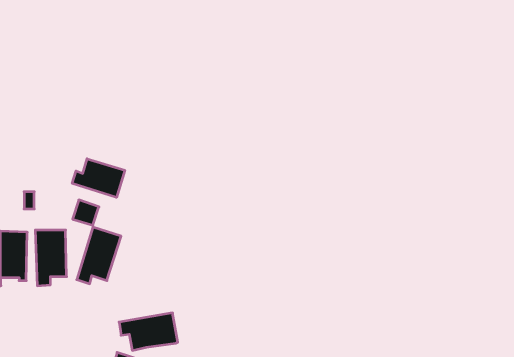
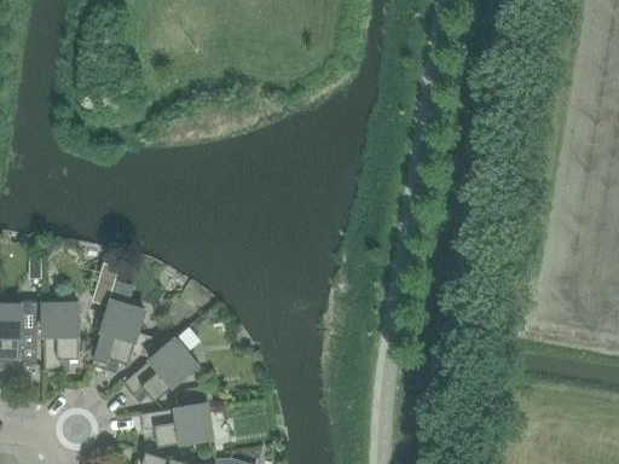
building: [72,159,125,197] -> none
building: none -> [126,338,198,401]

